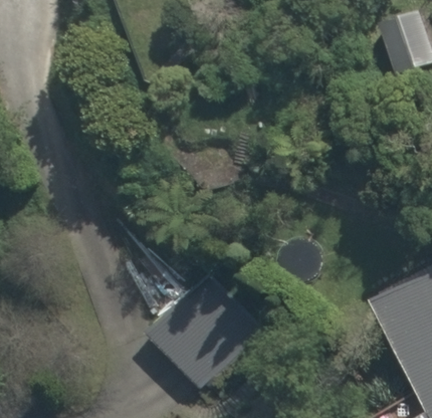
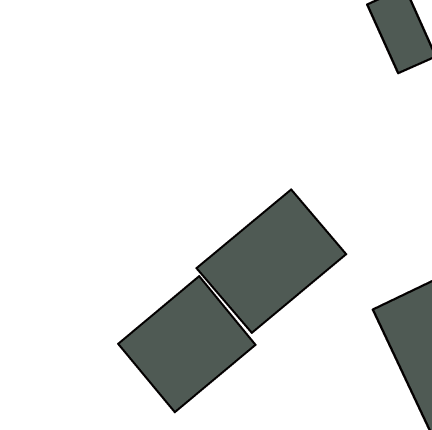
building: none -> [197,189,346,333]

